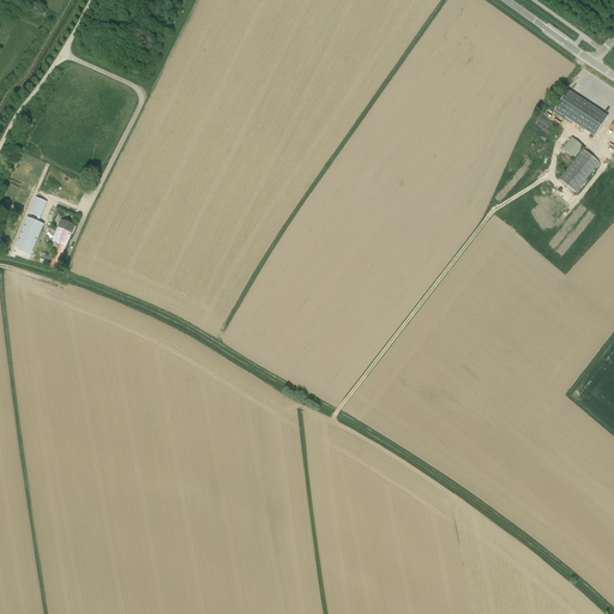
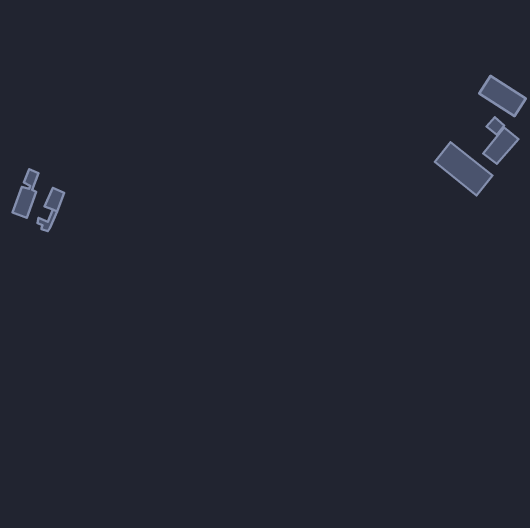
building: none -> [435,142,492,195]

